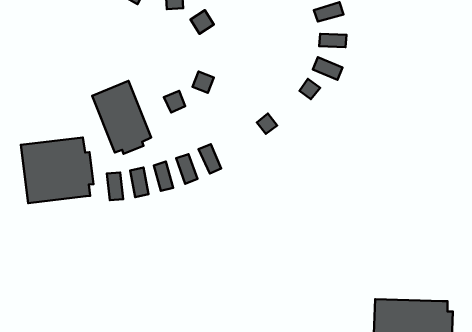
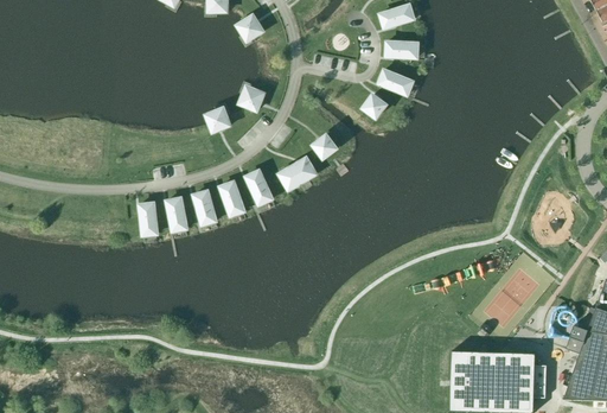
building: [92,81,151,154] -> none
building: none -> [279,157,315,190]
building: [21,138,93,203] -> none

